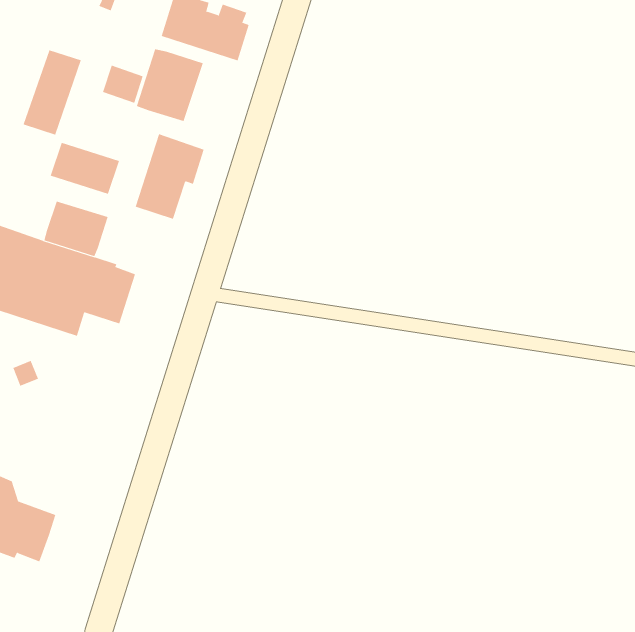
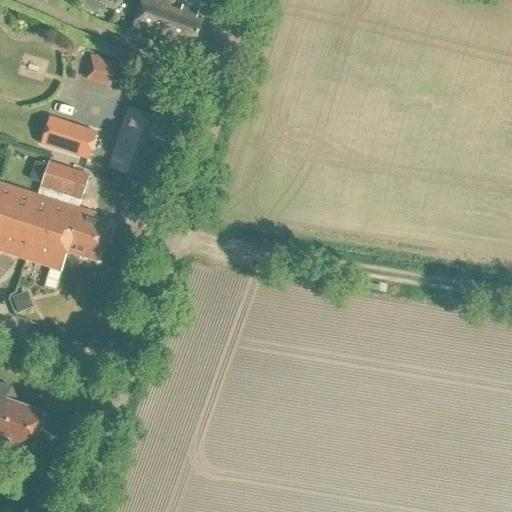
building: [136,49,203,122] -> none
building: [23,49,82,136] -> none

